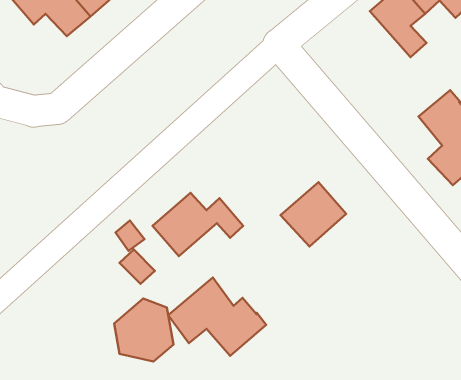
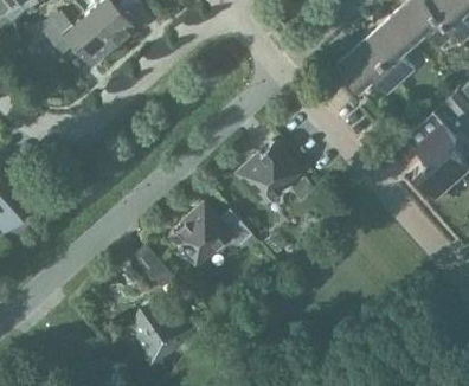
building: none -> [338,43,401,96]
building: [280,182,346,247] -> [238,144,297,202]
building: [168,278,266,356] -> none

